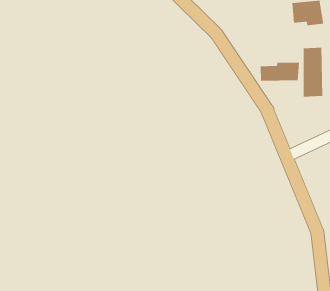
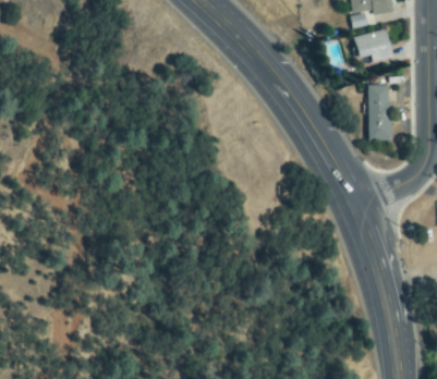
building: [260,62,300,82] -> none

